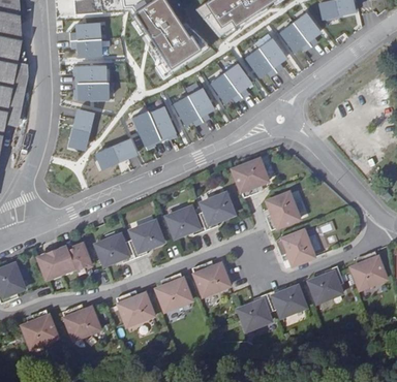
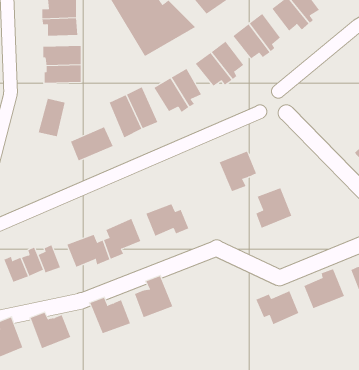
building: [198,194,234,230] -> none
building: [275,231,313,265] -> none
building: [191,263,228,295] -> none
building: [238,294,273,330] -> none

